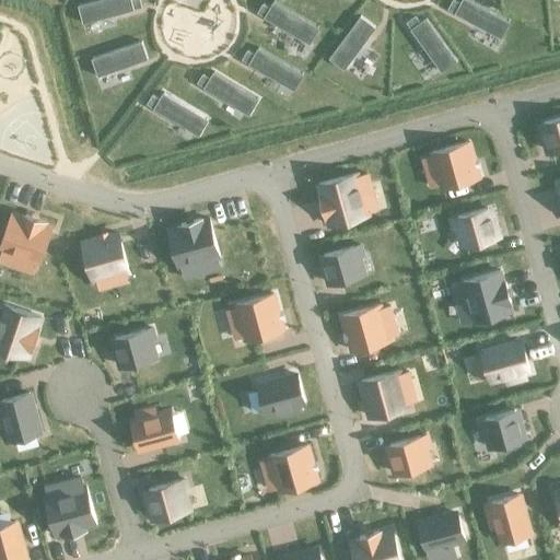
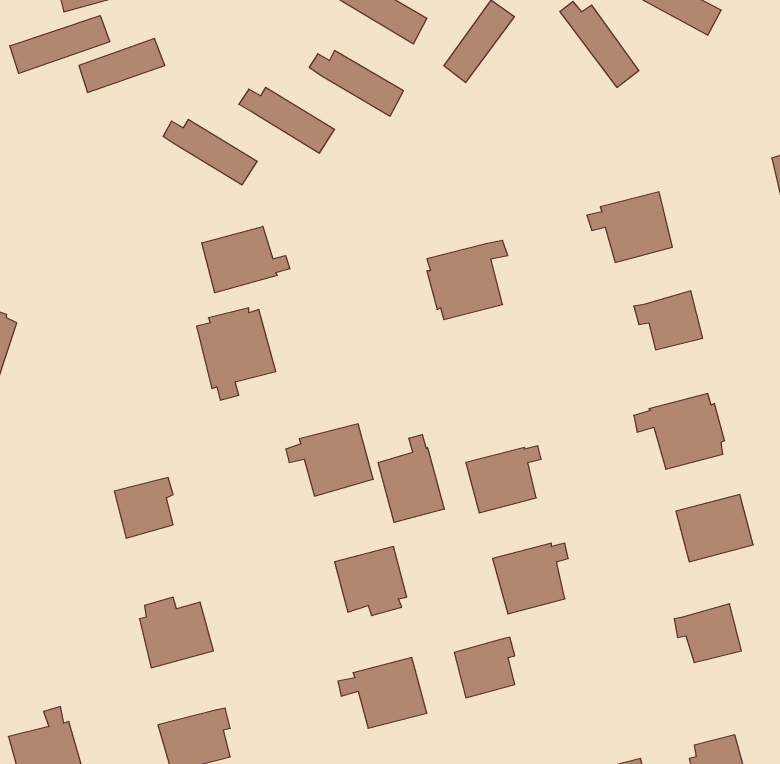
building: none -> [10,16,110,73]
building: none -> [202,226,290,293]
building: [81,231,129,289] -> none
building: [324,246,362,285] -> none
building: none -> [378,434,444,522]
building: [388,436,428,476] -> [454,637,515,698]

